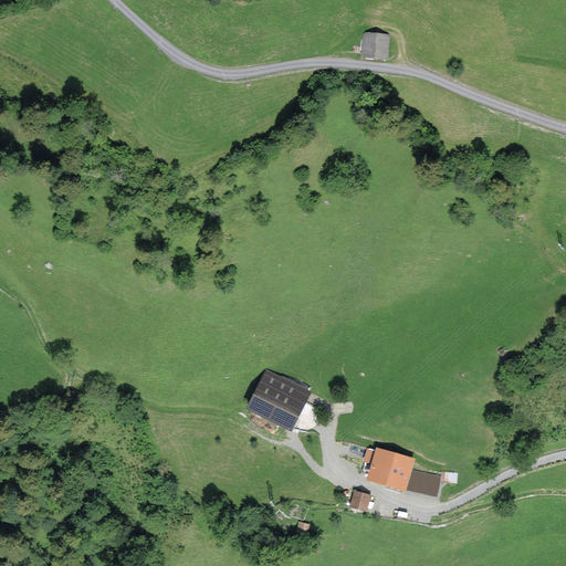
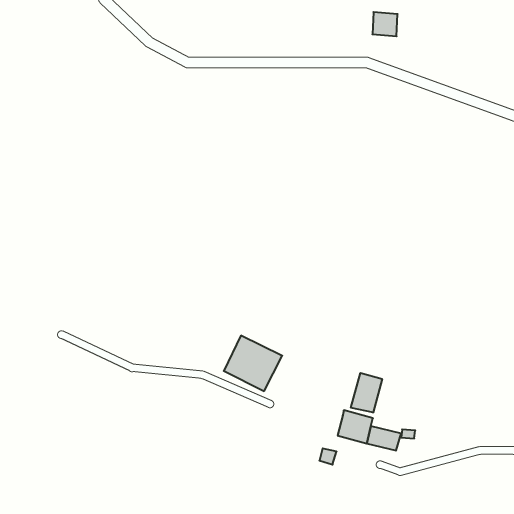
building: [361,32,389,59] -> [372,12,398,36]
building: none -> [351,373,382,413]

